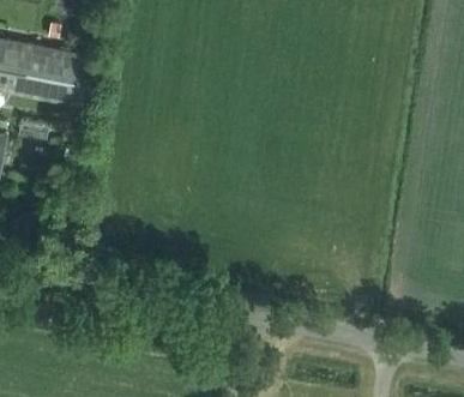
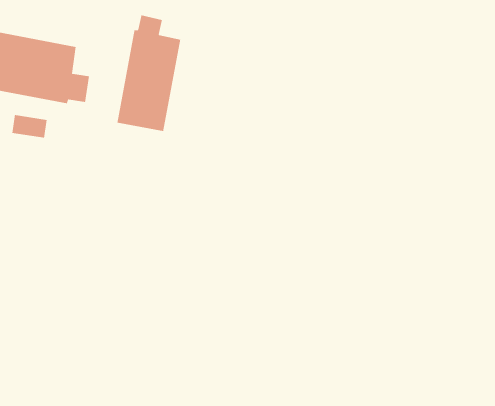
building: none -> [117,14,181,132]

